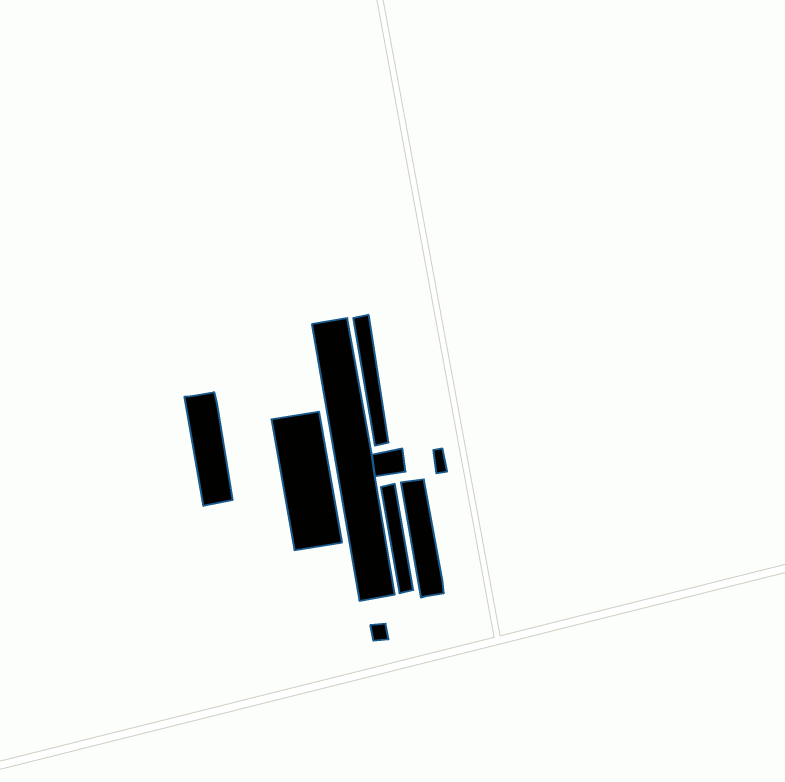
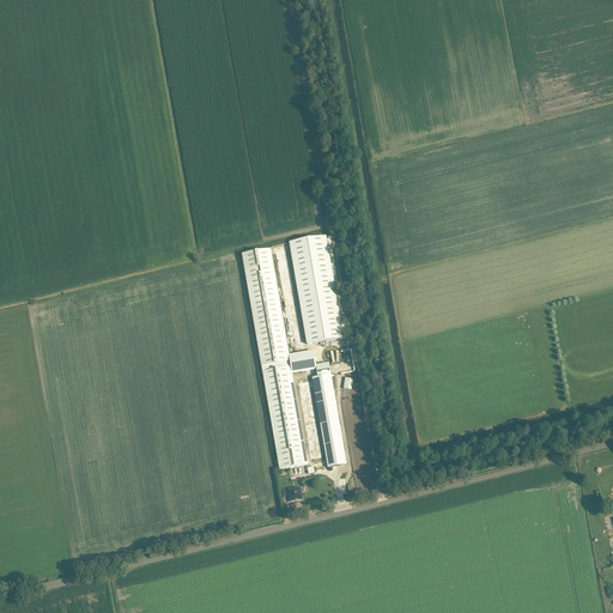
building: [185,392,232,506] -> none
building: [271,412,342,550] -> [289,235,344,342]

